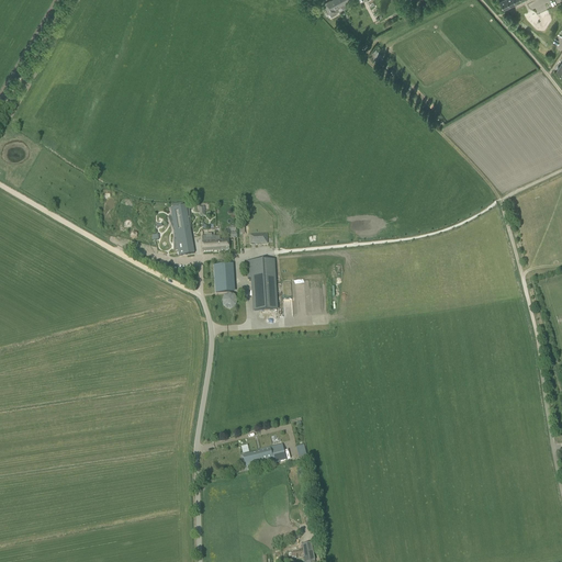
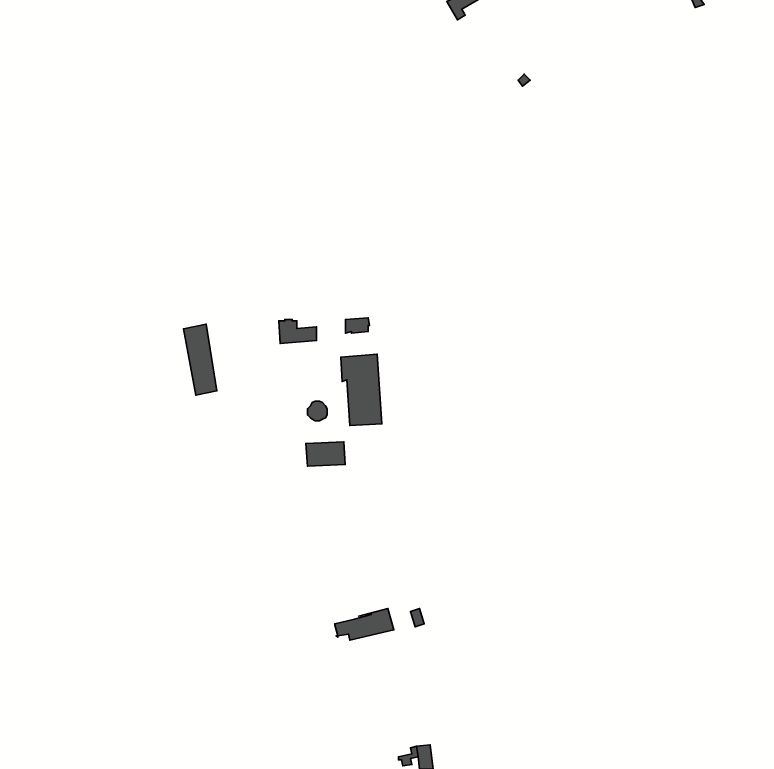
building: [170,202,194,254] -> [184,324,217,395]
building: [205,262,234,280] -> [306,442,345,466]

